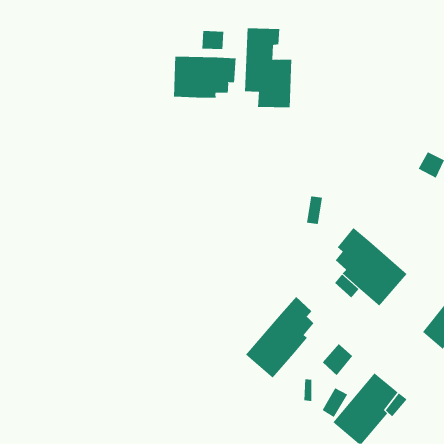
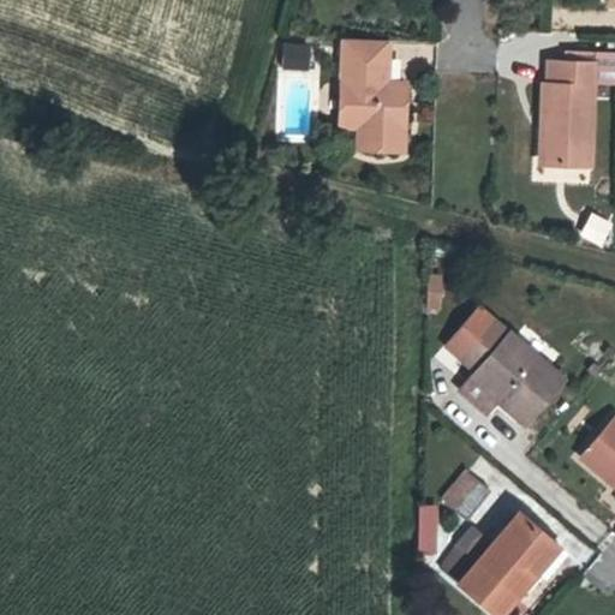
building: none -> [541,60,592,165]
building: [173,56,236,98] -> none
building: [245,296,314,379] -> none

